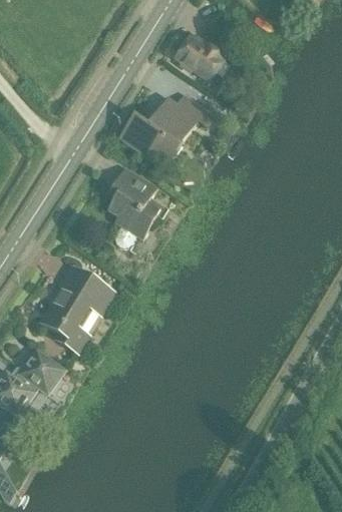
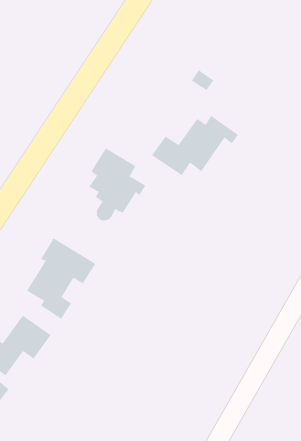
building: [176,36,224,83] -> none
building: [118,95,213,160] -> [151,115,239,176]

